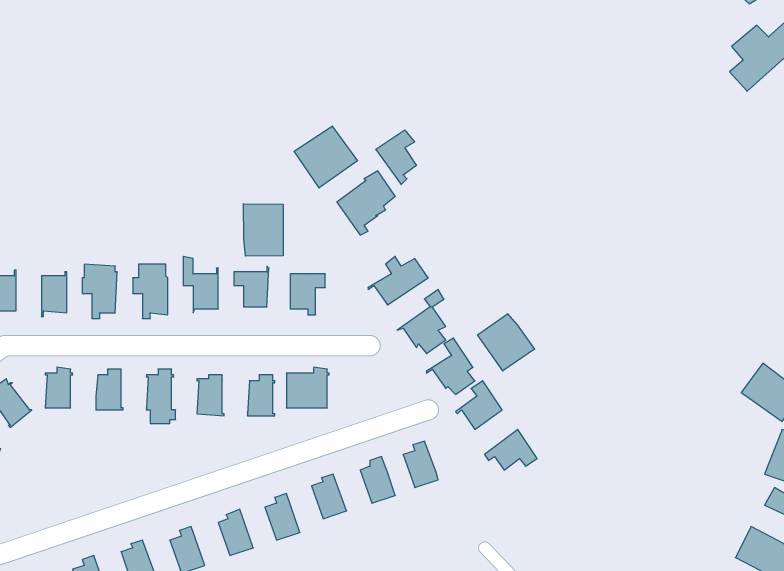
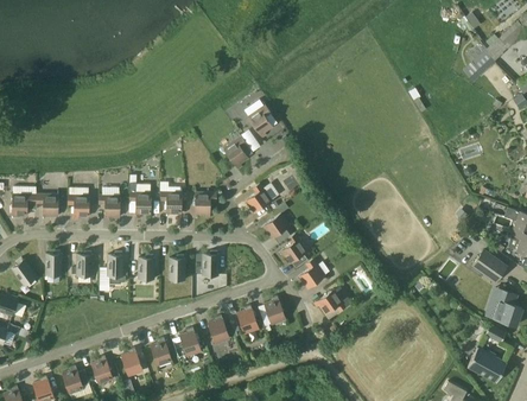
building: [294,126,358,188] -> none
building: [243,204,283,256] -> none
building: [478,314,535,371] -> none

